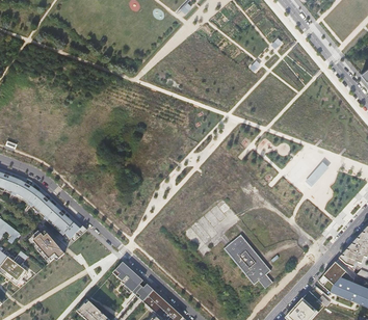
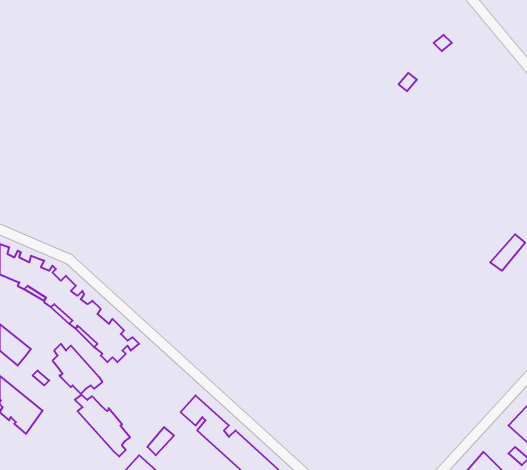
building: [224,233,272,288] -> none
building: none -> [75,395,130,457]

